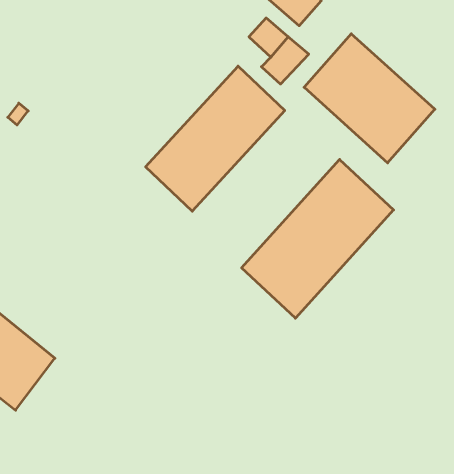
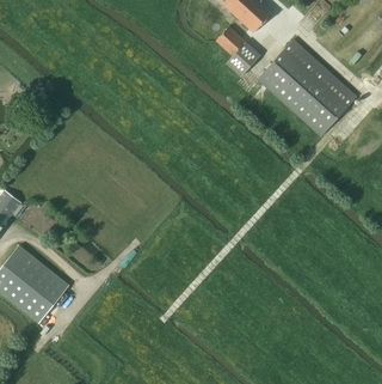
building: [146,66,285,211] -> none
building: [242,159,394,318] -> none

